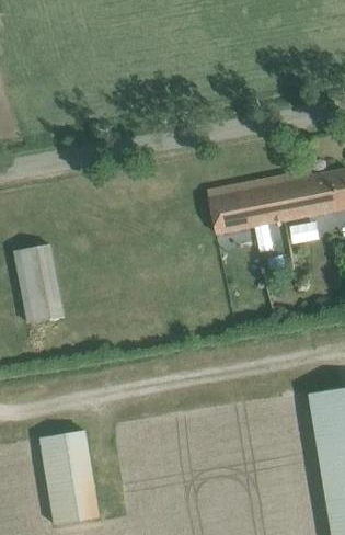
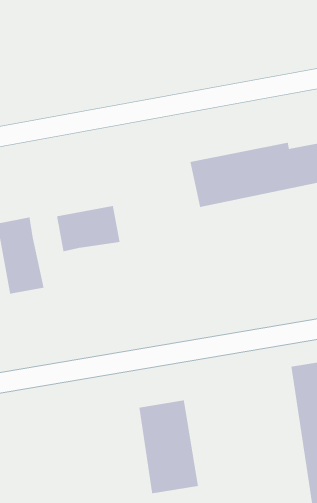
building: none -> [56,205,120,252]
building: [39,431,100,525] -> [138,399,199,494]

